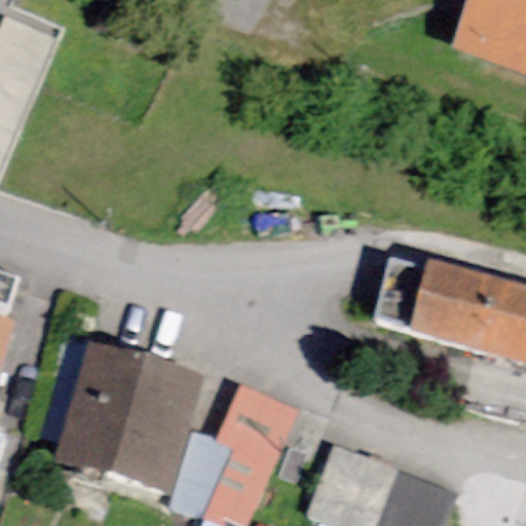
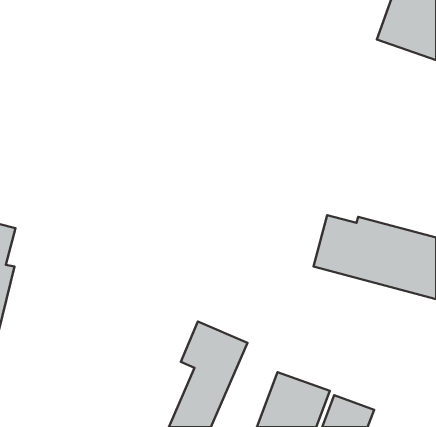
building: [55,343,205,494] -> none

